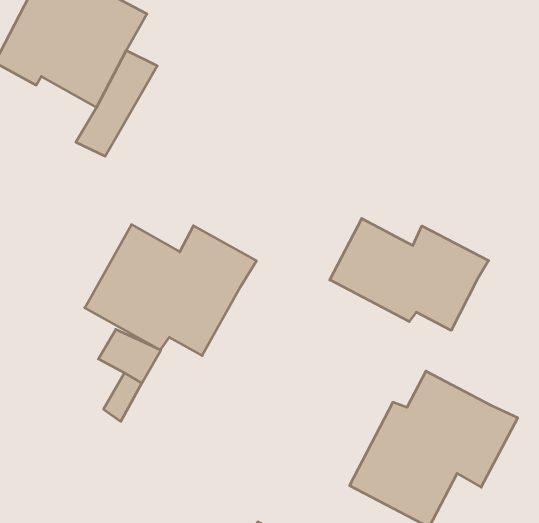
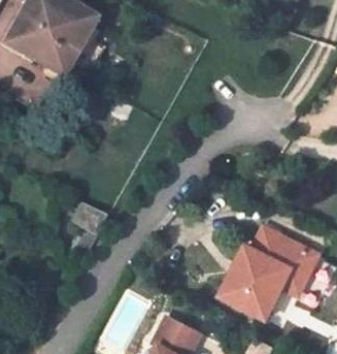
building: [330,218,489,330] -> none
building: [85,225,256,356] -> none

